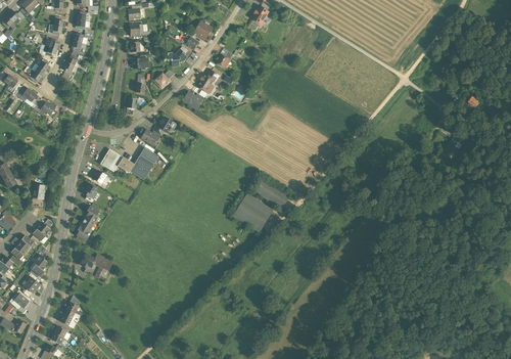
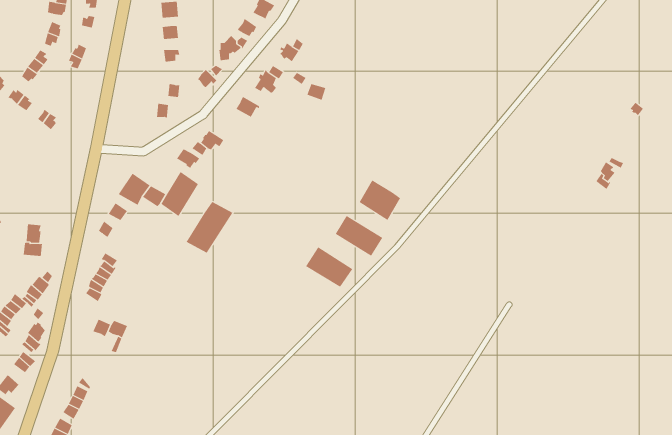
building: none -> [359,179,401,221]
building: none -> [186,201,233,254]

